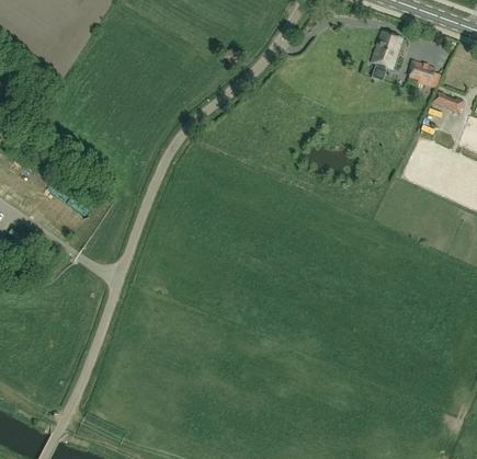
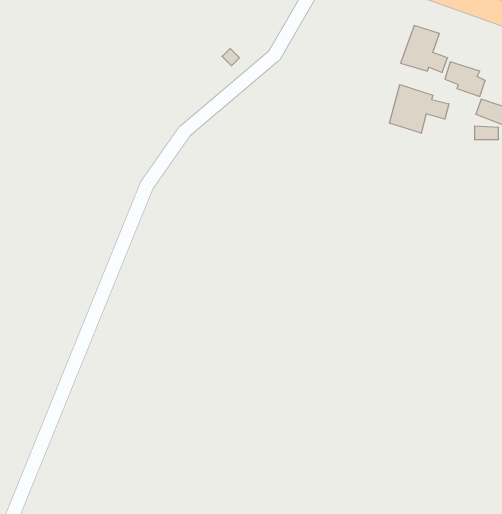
building: none -> [390,85,449,133]

